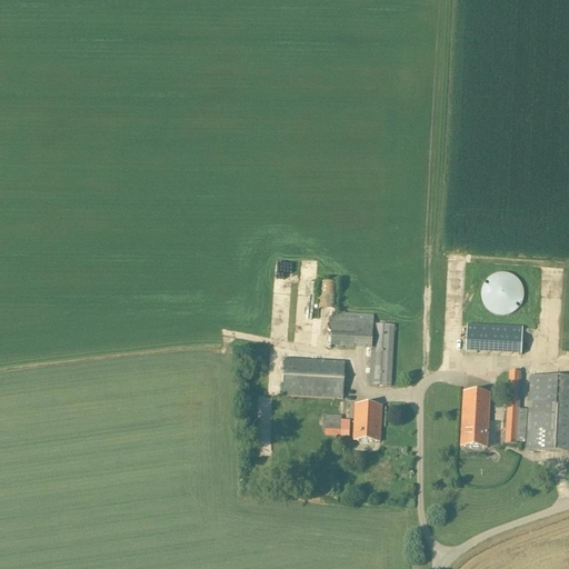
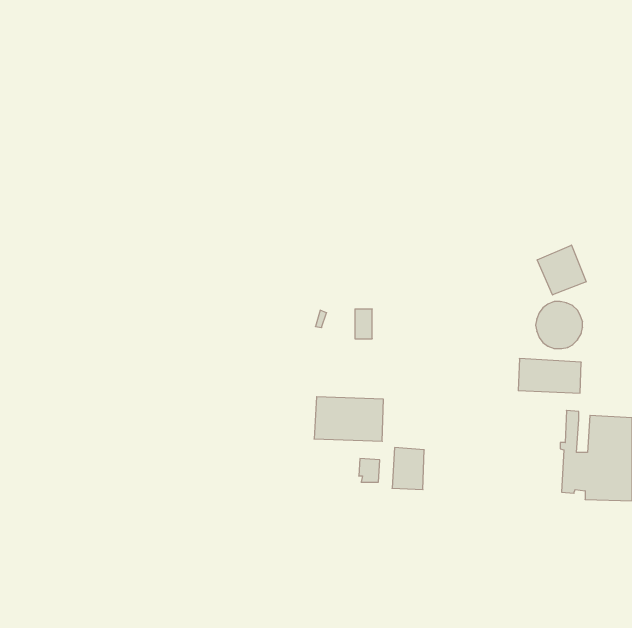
building: none -> [537,245,586,295]
building: [330,310,395,385] -> none
building: [460,390,490,446] -> none

